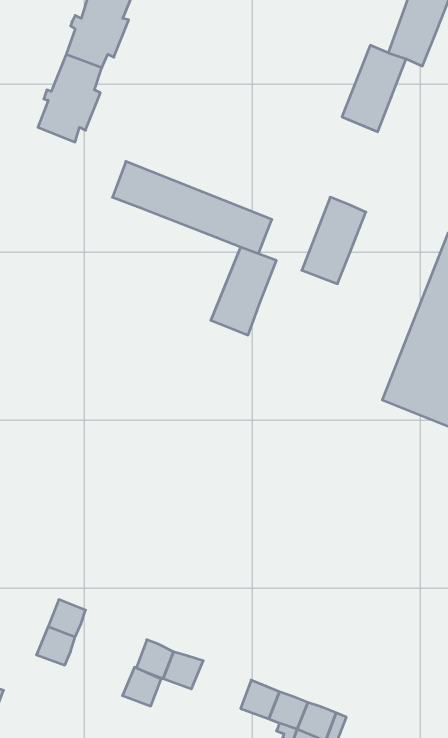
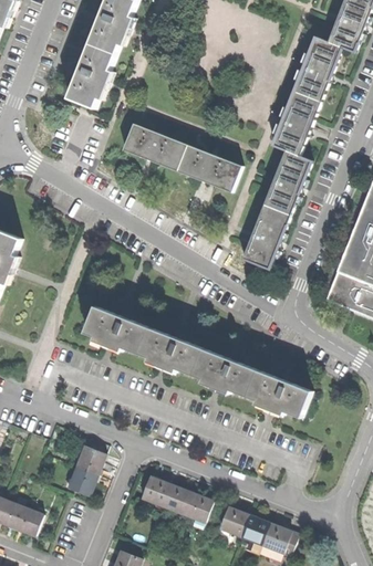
building: none -> [272,90,320,155]
building: [211,247,276,335] -> [241,203,290,269]
building: none -> [83,307,310,418]
building: [122,667,161,706] -> [182,493,210,522]

